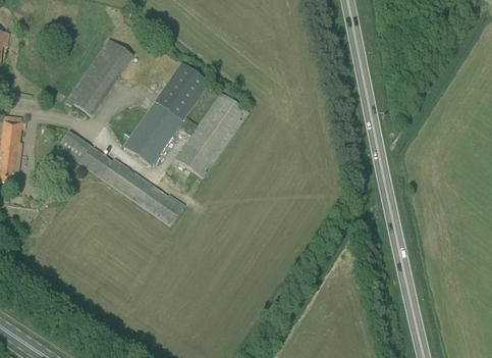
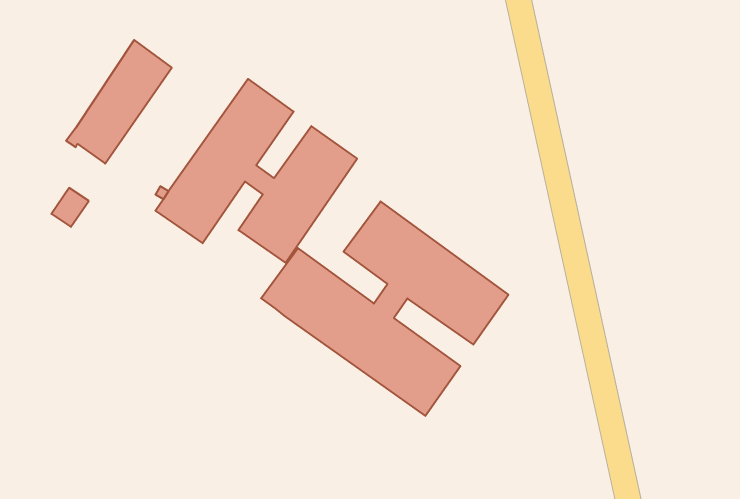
building: none -> [261,201,508,416]
building: [78,144,183,225] -> none

